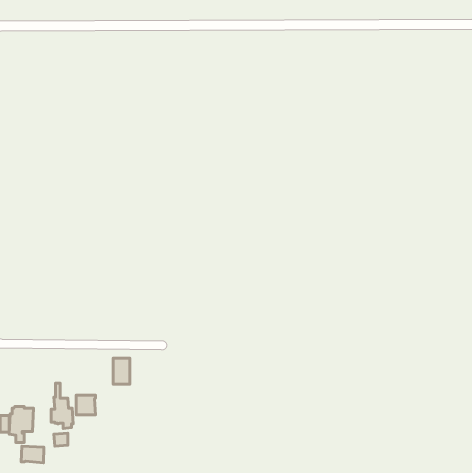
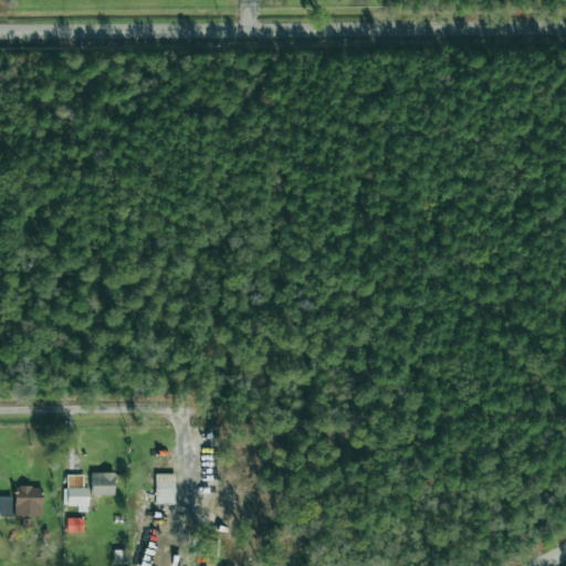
building: [113,358,130,384] -> [155,473,175,504]
building: [21,446,44,463] -> none

